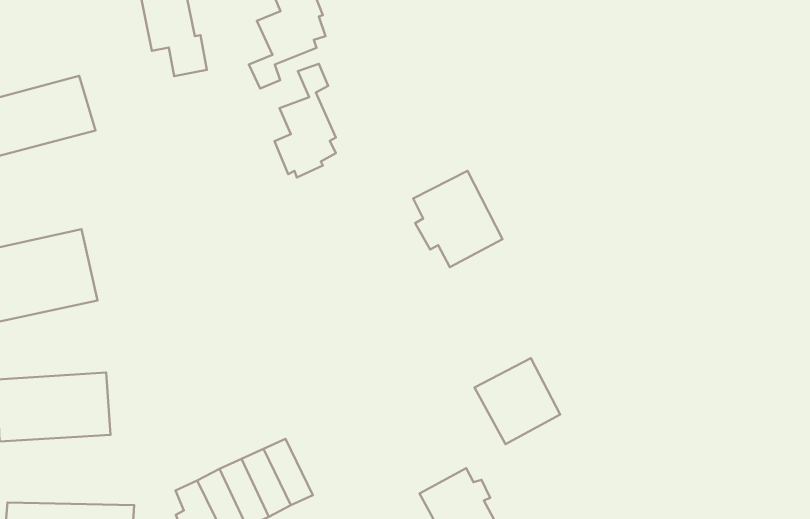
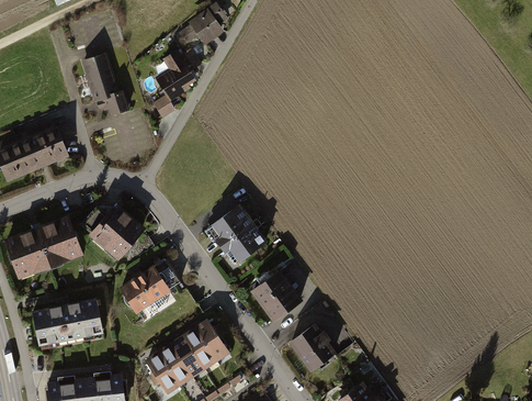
building: [274,64,336,178] -> none
building: [413,171,503,267] -> [212,205,268,264]
building: none -> [87,208,146,263]
building: none -> [120,261,180,314]
building: [474,358,560,444] -> [250,271,303,324]

